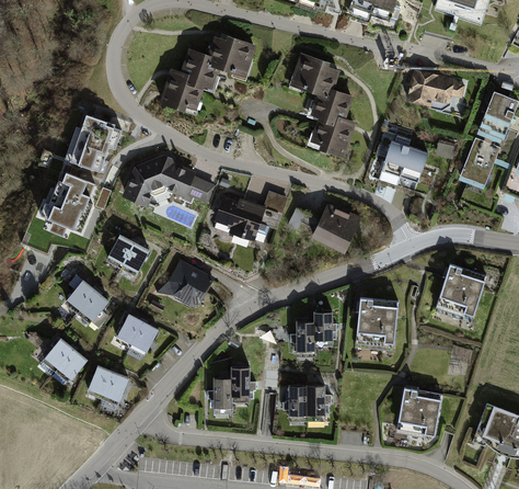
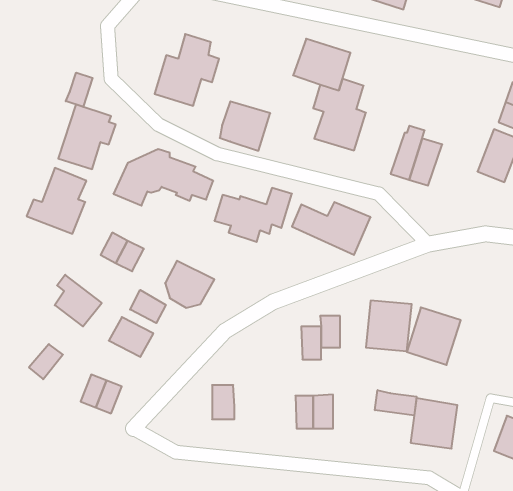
building: [209,34,256,80] -> [220,101,270,151]
building: [401,62,466,105] -> none
building: none -> [66,73,93,107]
building: [437,264,487,318] -> [407,307,461,365]
building: none -> [130,290,166,323]
building: [55,348,86,382] -> none
building: [232,366,250,396] -> none
building: none -> [375,390,417,416]

